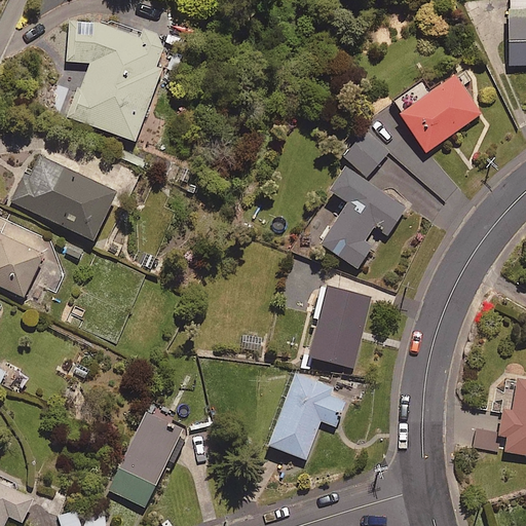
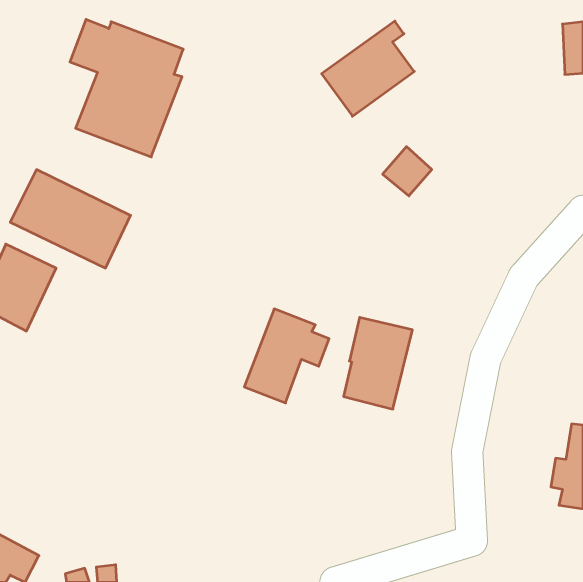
building: [394,68,478,153] -> [322,21,414,116]
building: [322,168,405,267] -> none
building: [268,374,344,458] -> [244,309,329,403]
building: [109,412,184,508] -> none

